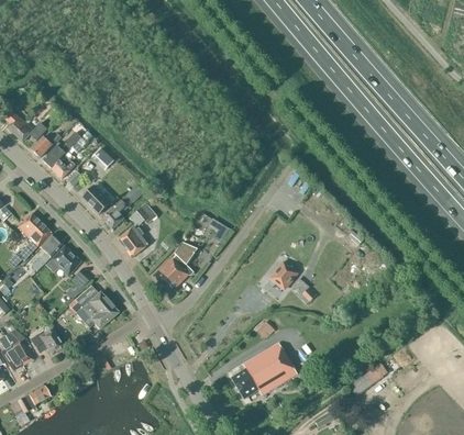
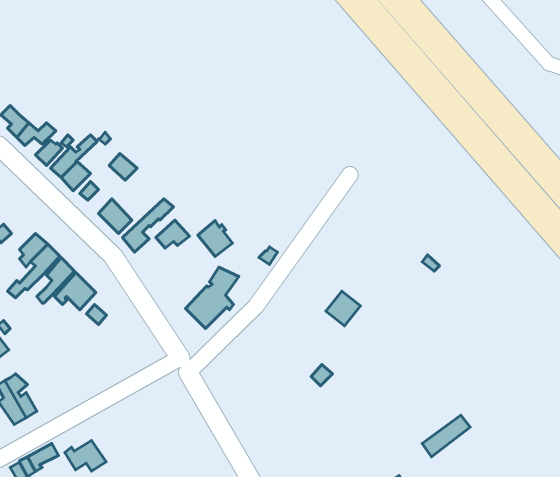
building: [120,225,148,255] -> [198,220,233,257]
building: [68,286,118,328] -> none
building: [30,328,64,354] -> [65,440,106,471]
building: [231,342,297,398] -> none

